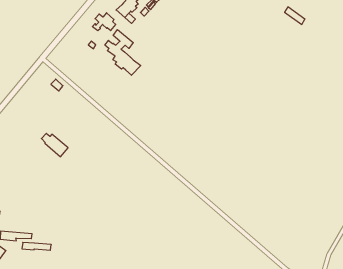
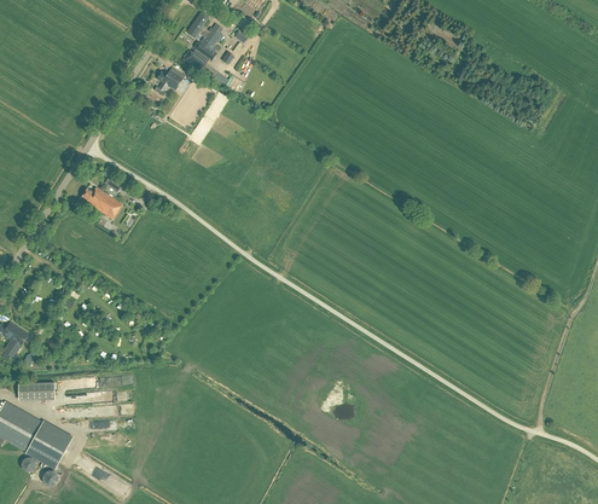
building: [105,30,141,75] -> none
building: [41,133,68,157] -> [81,187,122,219]

